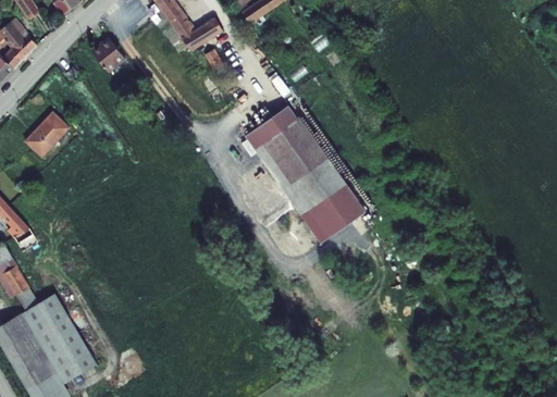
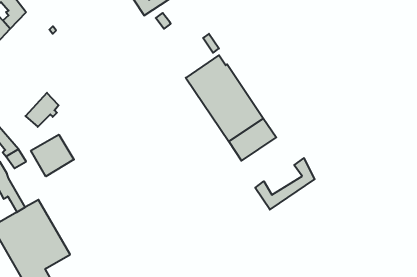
building: [92,36,125,71] -> none
building: [23,110,66,154] -> [25,93,59,127]
building: none -> [31,135,74,176]
building: none -> [255,158,315,210]

